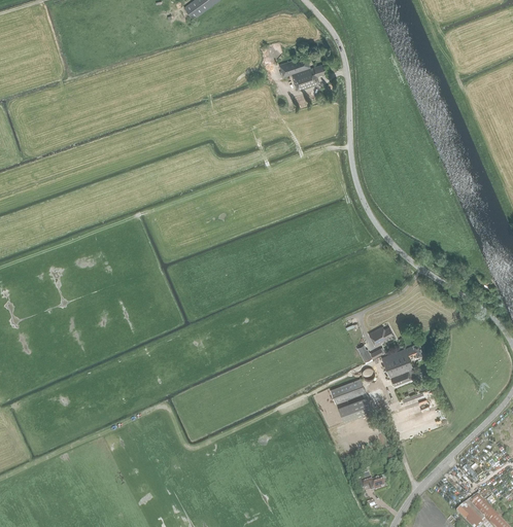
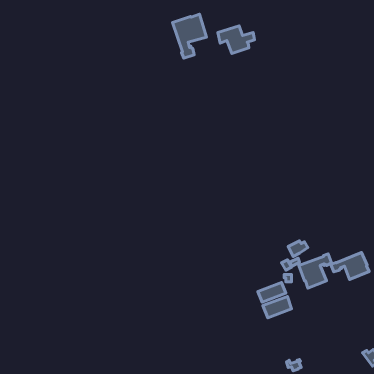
building: none -> [173,14,207,58]
building: none -> [331,252,369,279]

